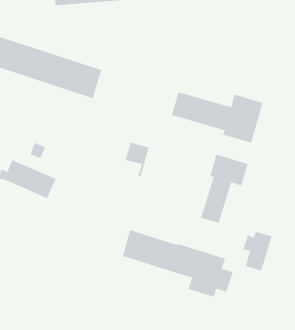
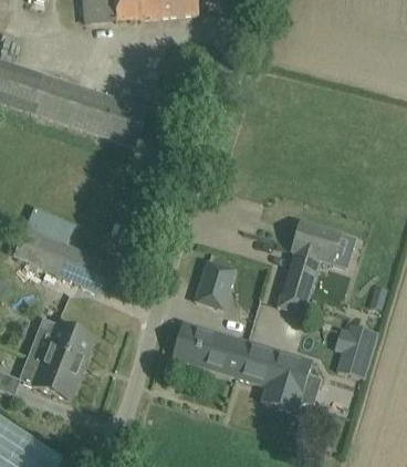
building: [171,92,263,144] -> none
building: [125,142,150,177] -> [200,261,233,308]
building: none -> [23,316,94,398]

